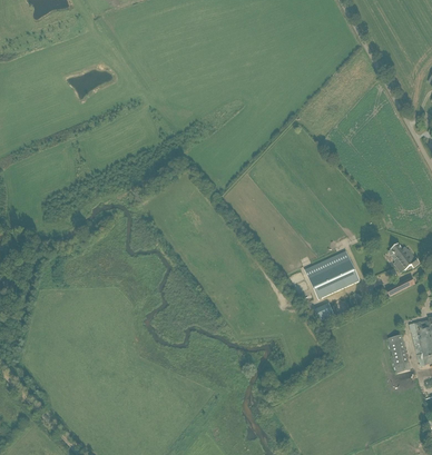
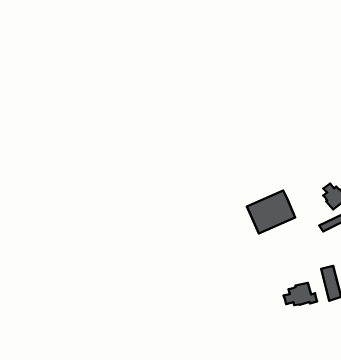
building: none -> [283,283,317,305]

